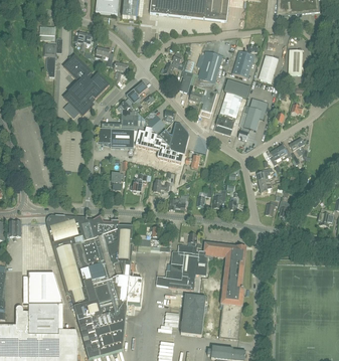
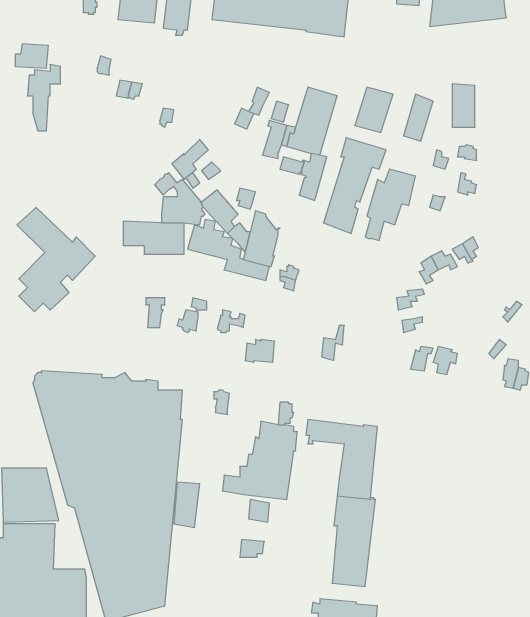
building: [63,56,109,117] -> [17,207,95,312]
building: [181,295,208,336] -> none

